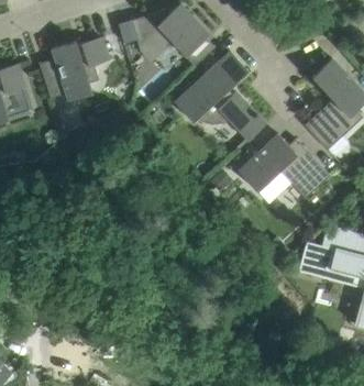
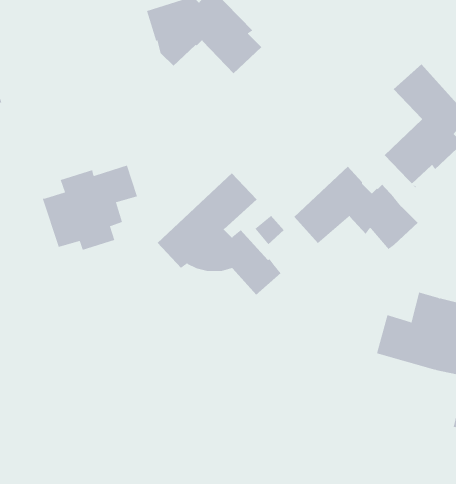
building: [38,37,109,100] -> [42,165,138,251]
building: [175,51,266,141] -> [157,172,282,296]

